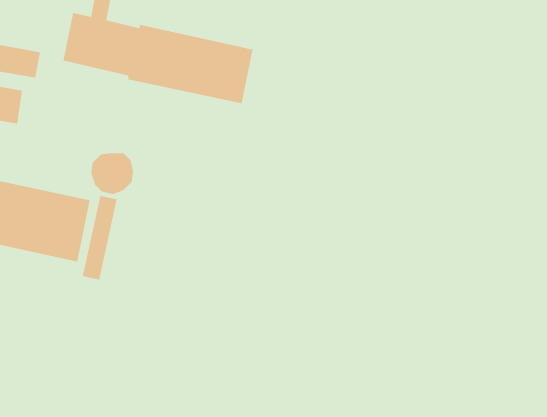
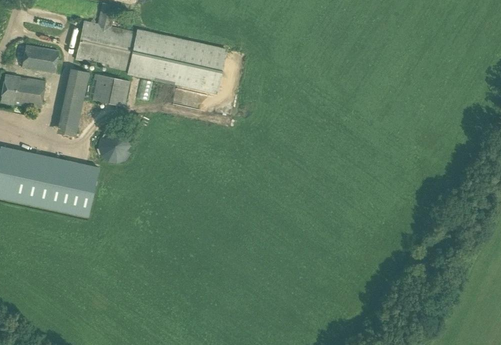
building: none -> [92,74,128,106]
building: [82,195,118,280] -> [59,69,87,136]

